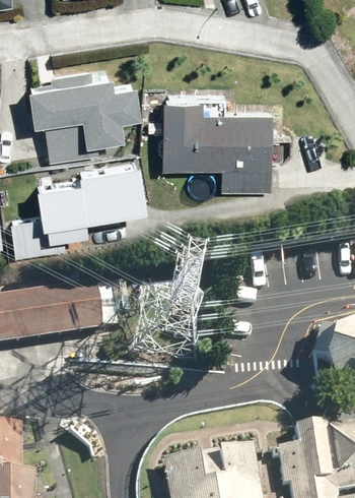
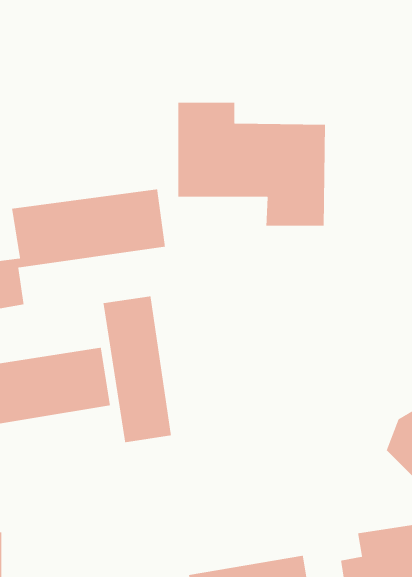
building: [22,73,139,162] -> none
building: none -> [102,295,172,443]

